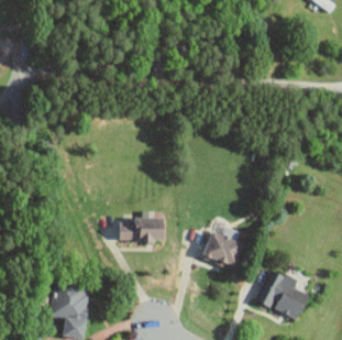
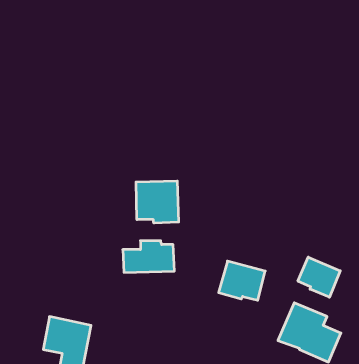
building: none -> [136,181,179,223]
building: none -> [298,257,340,297]

